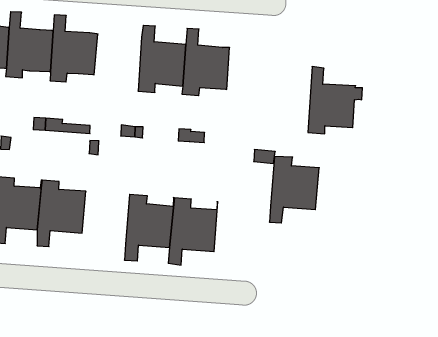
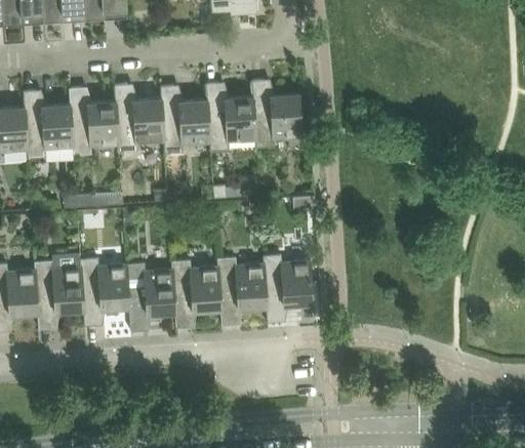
building: none -> [114,84,165,154]
building: [308,67,362,134] -> [251,80,307,148]
building: [269,156,319,223] -> [262,253,312,323]
building: none -> [126,260,174,331]

